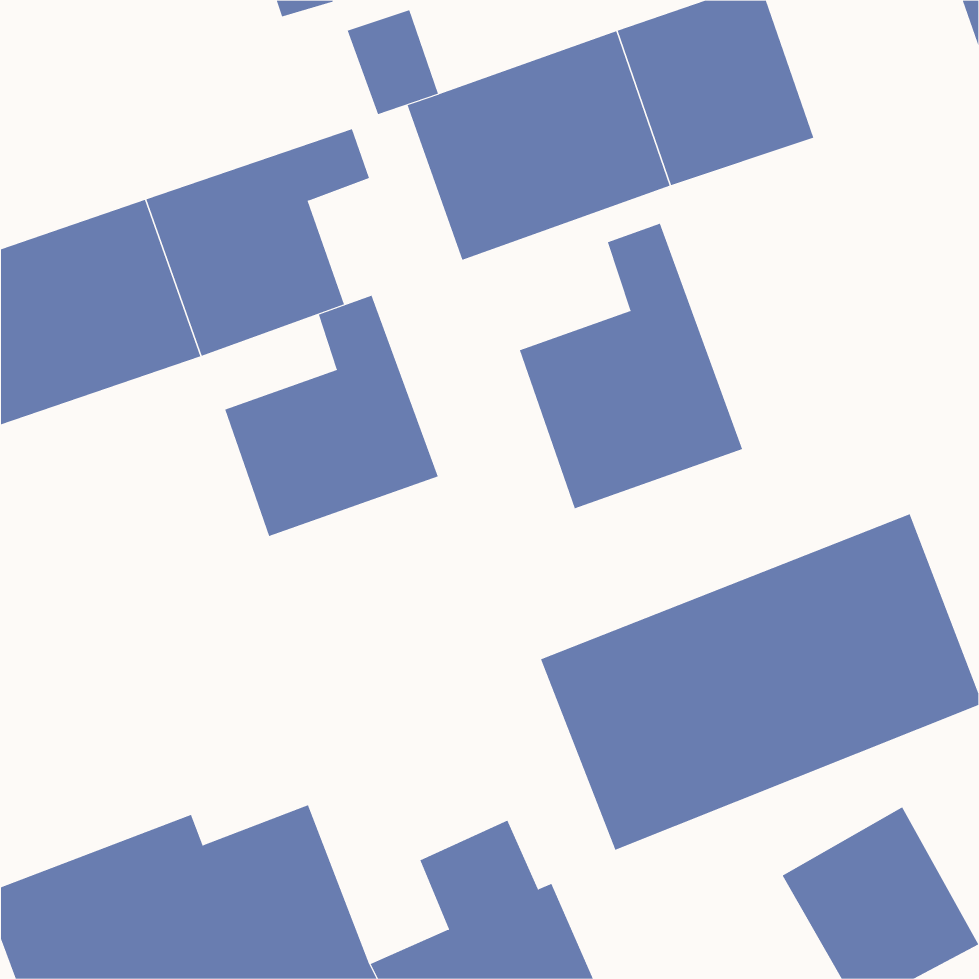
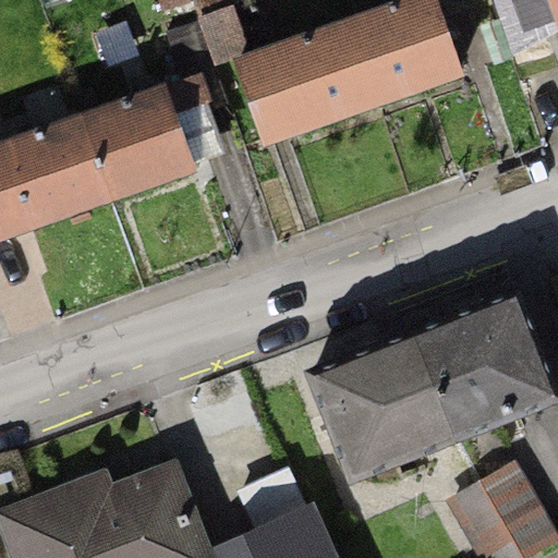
building: [519,223,743,509] -> none
building: [225,295,439,537] -> none

